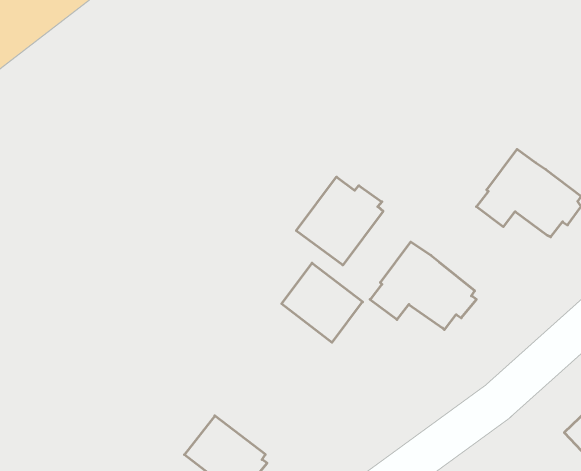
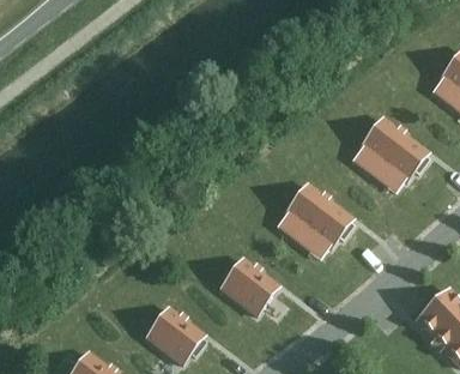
building: [296,177,383,265] -> none
building: [282,263,363,342] -> [220,259,278,315]

